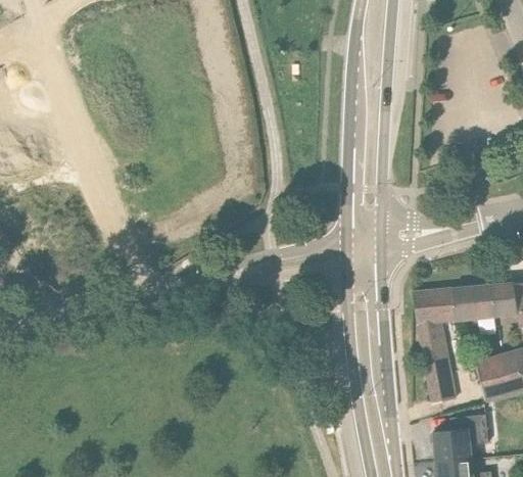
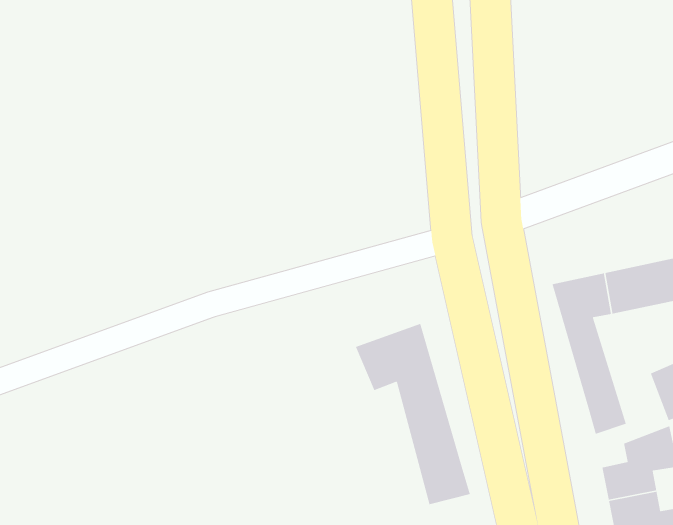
building: none -> [355,323,471,505]

